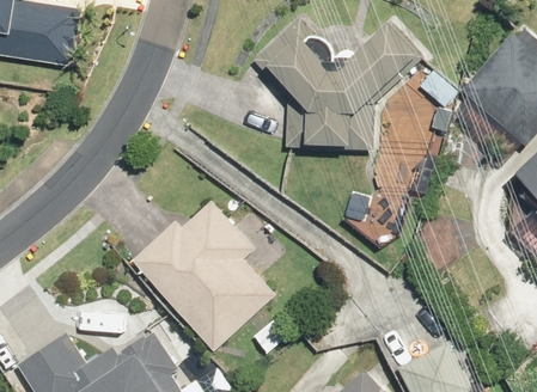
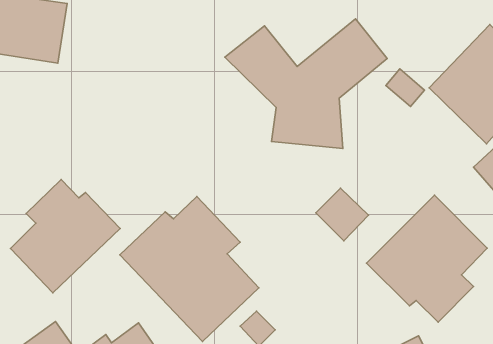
building: none -> [10,179,120,293]
building: none -> [367,195,487,322]

